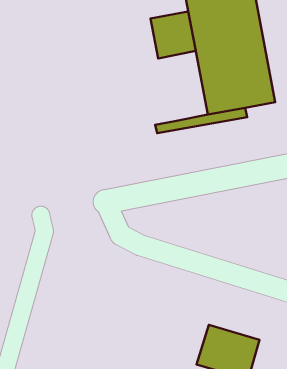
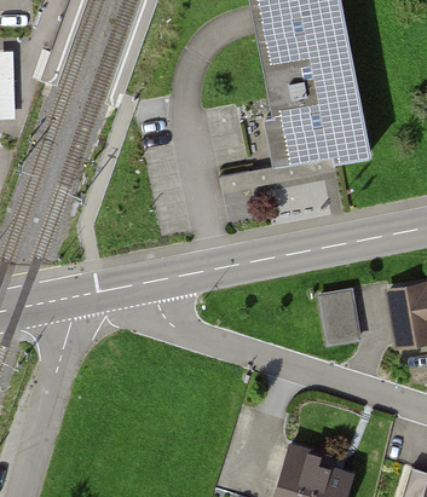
building: [151,12,196,58] -> none
building: none -> [316,289,360,349]

